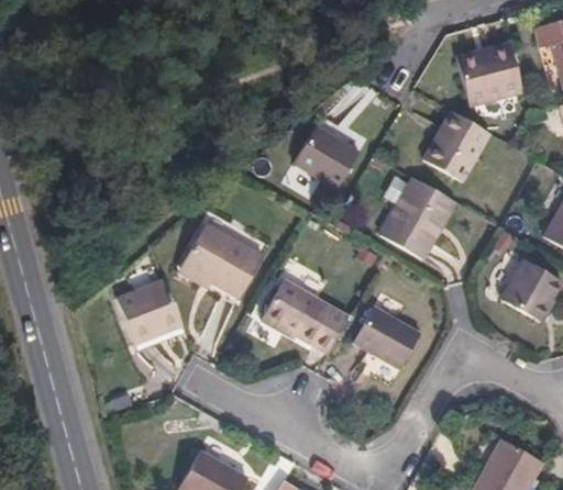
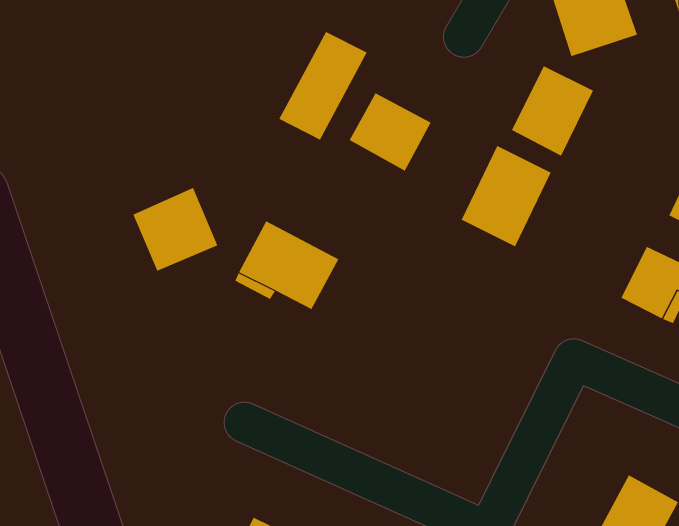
building: none -> [278,31,368,140]
building: [115,275,181,339] -> [133,187,218,272]
building: [264,278,349,352] -> none
building: [352,305,420,368] -> none

